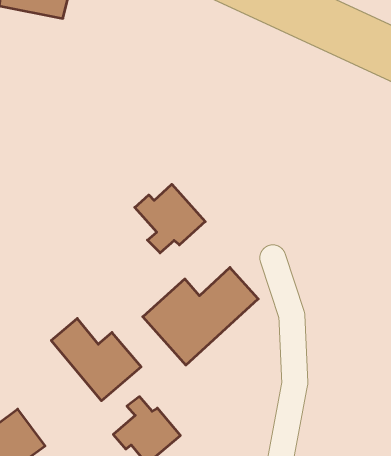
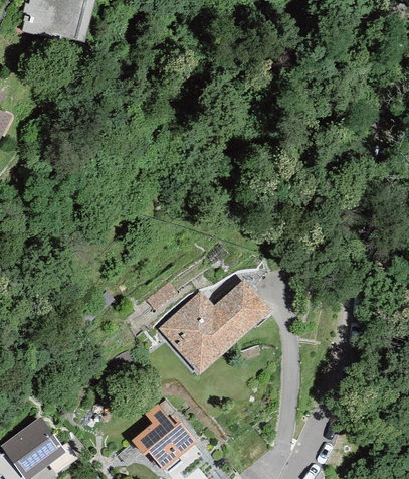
building: [135,184,205,253] -> none
building: [51,318,141,401] -> none

